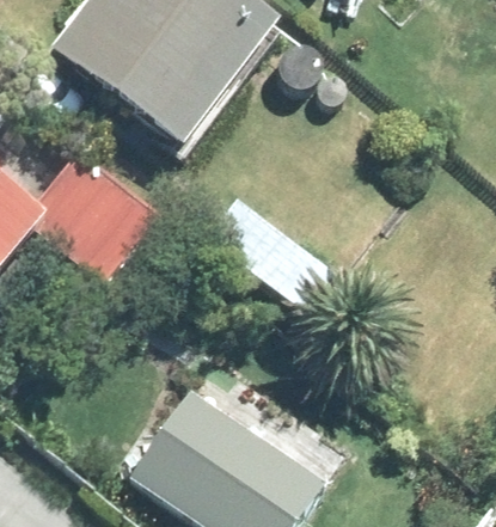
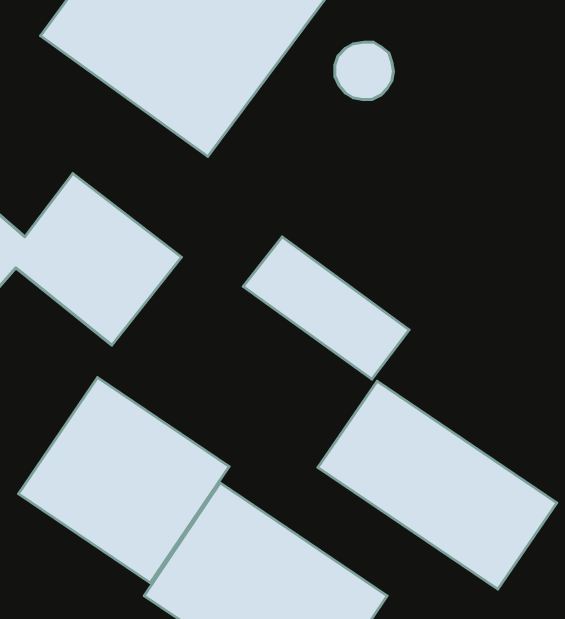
building: none -> [18,378,229,583]
building: none -> [318,381,557,589]

